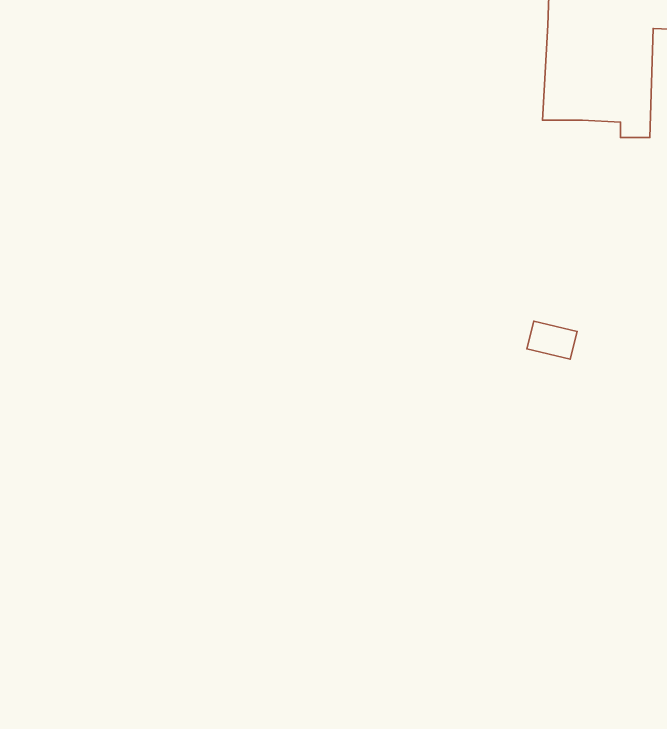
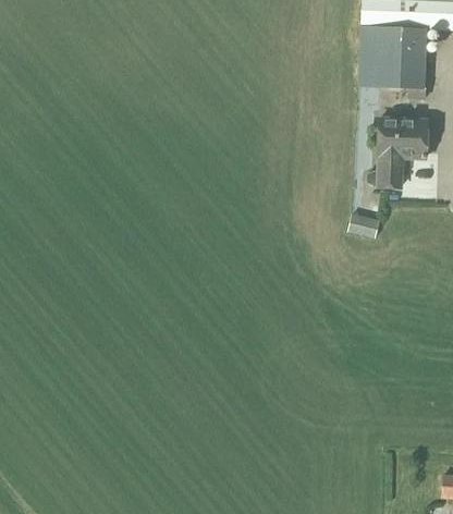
building: none -> [368,118,428,186]

